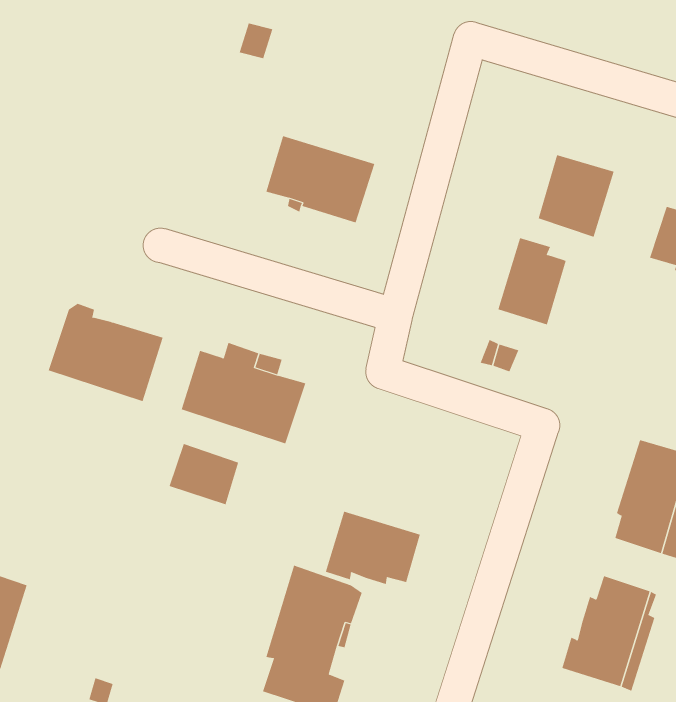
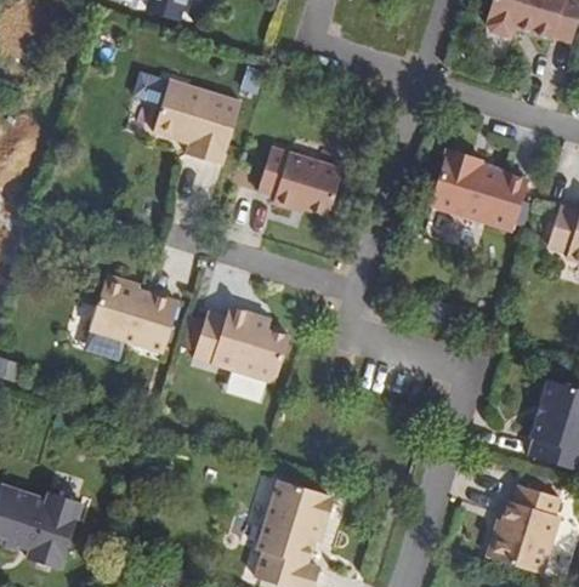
building: none -> [152,79,240,164]
building: [498,237,566,325] -> [428,143,482,211]
building: [169,443,239,505] -> none
building: [325,511,421,585] -> none

